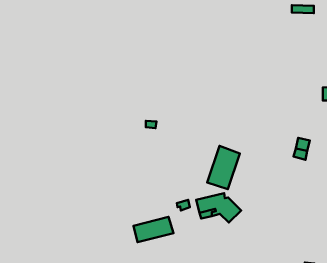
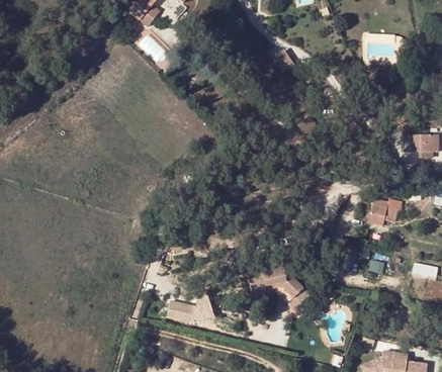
building: [207,146,240,189] -> none

